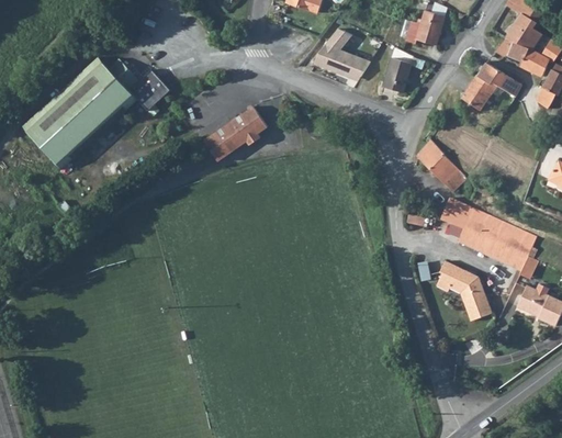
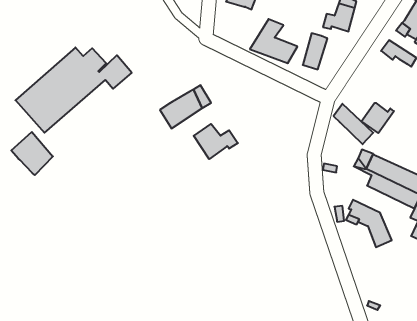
building: [458,70,498,108] -> [361,103,394,133]
building: none -> [194,124,238,159]
building: none -> [11,132,53,175]

